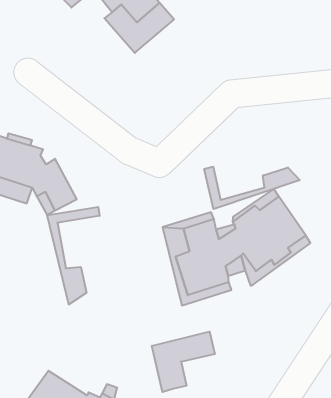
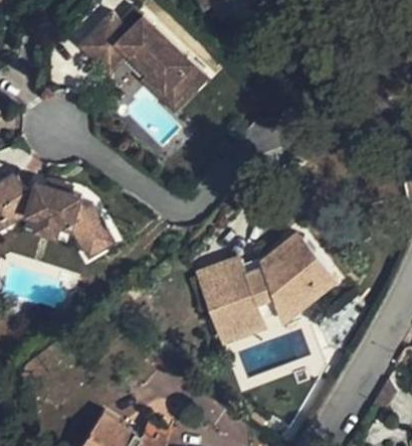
building: [204,167,300,209] -> none
building: [47,207,100,305] -> none
building: [152,332,215,392] -> none

